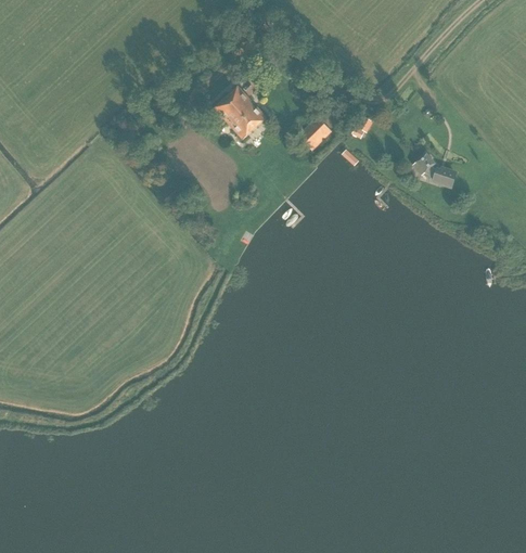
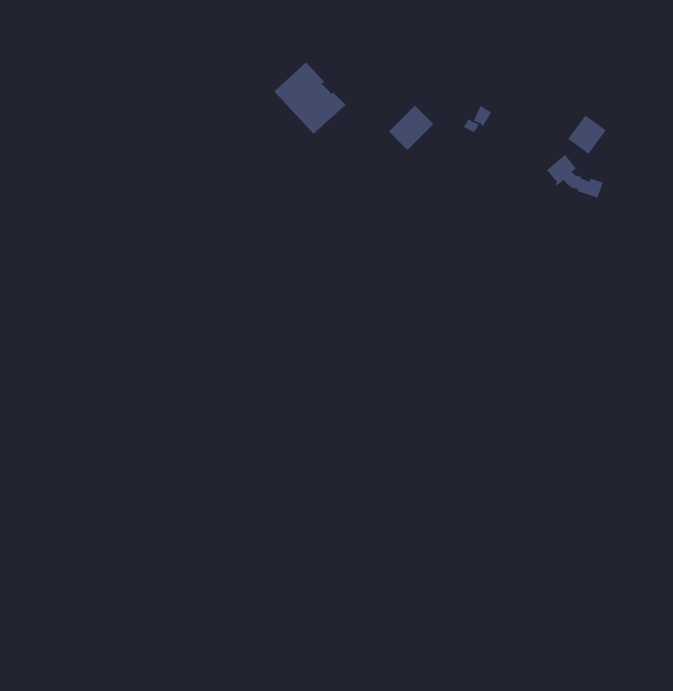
building: none -> [567,114,607,155]

